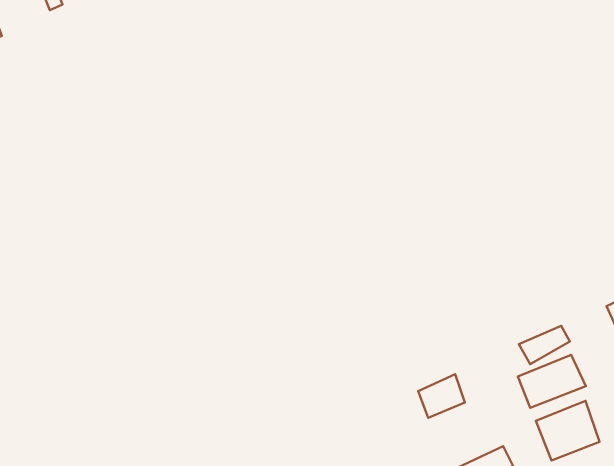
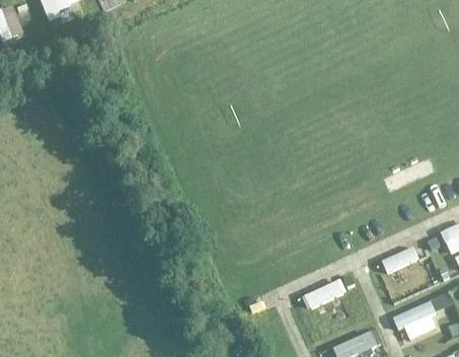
building: [518,355,586,408] -> none

